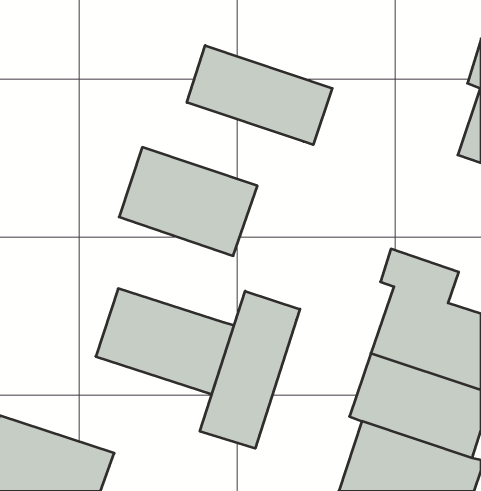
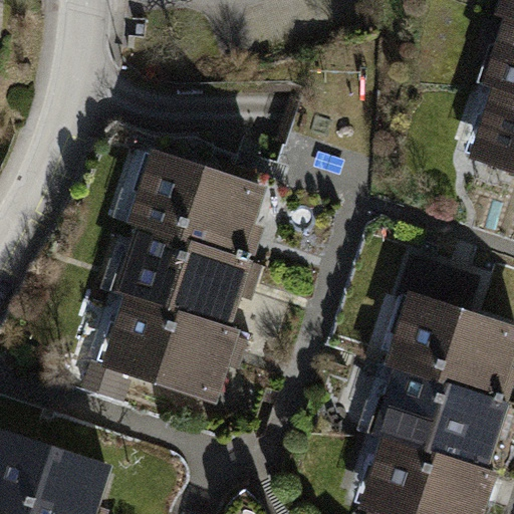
building: [187,45,332,145] -> none
building: none -> [110,228,254,334]
building: [200,291,300,448] -> none

